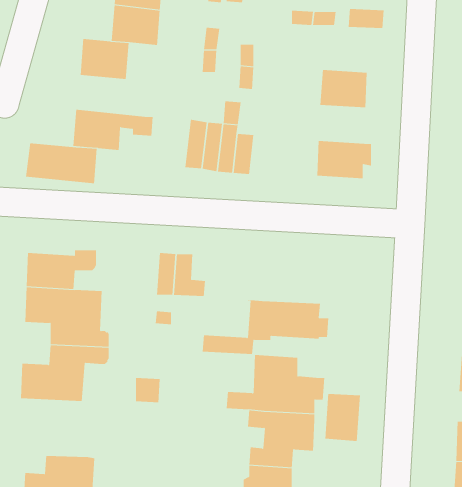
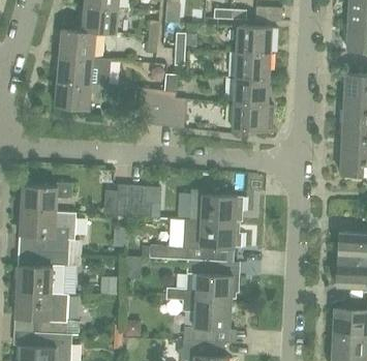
building: none -> [237,26,272,54]
building: none -> [234,78,269,106]
building: [25,143,98,184] -> [57,56,110,86]
building: none -> [191,190,243,222]
building: [325,393,360,442] -> none
building: none -> [16,292,68,334]

